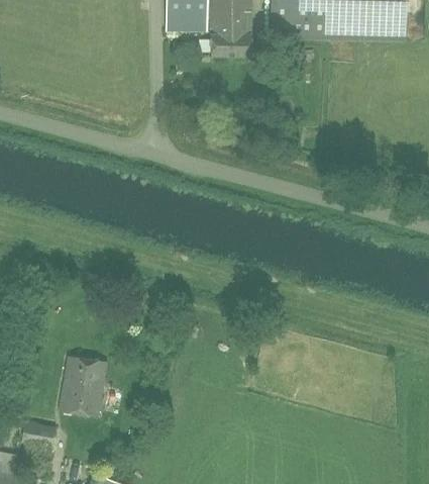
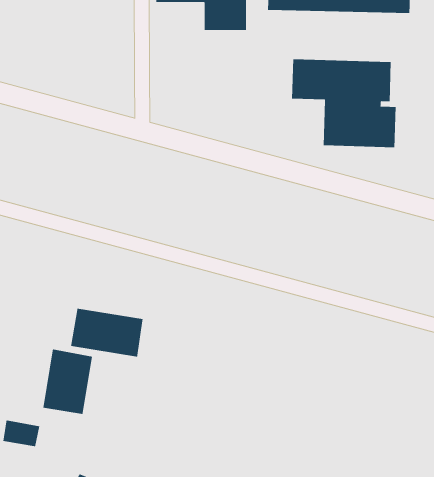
building: none -> [292,59,396,148]
building: none -> [70,308,143,358]

